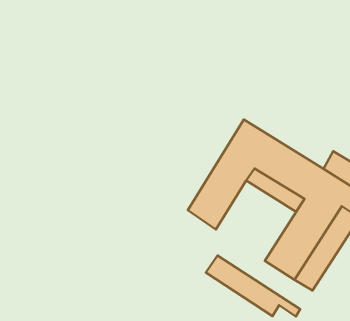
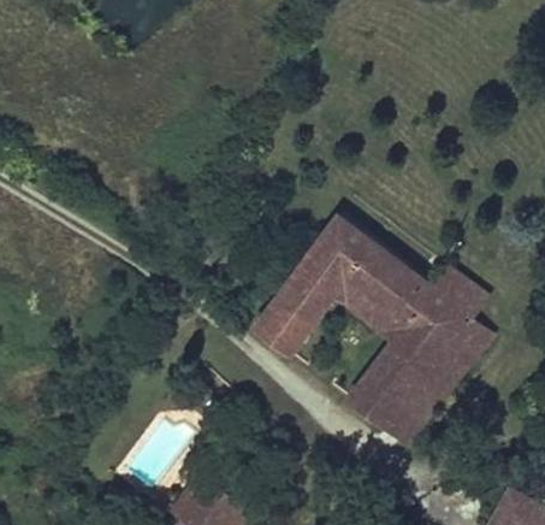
building: [206,256,300,316] -> none

